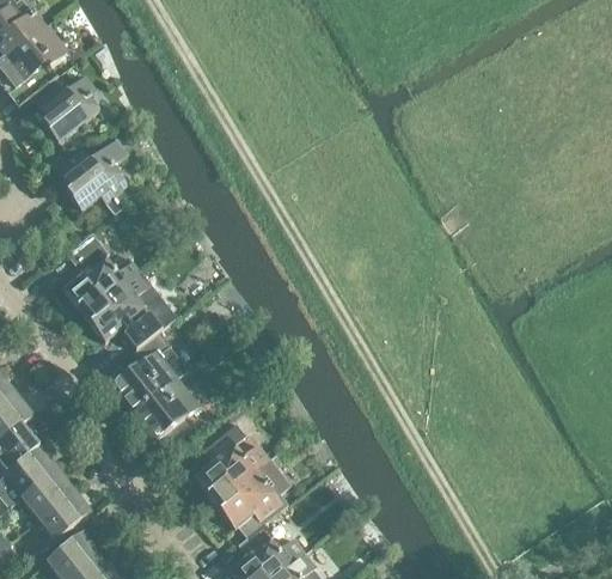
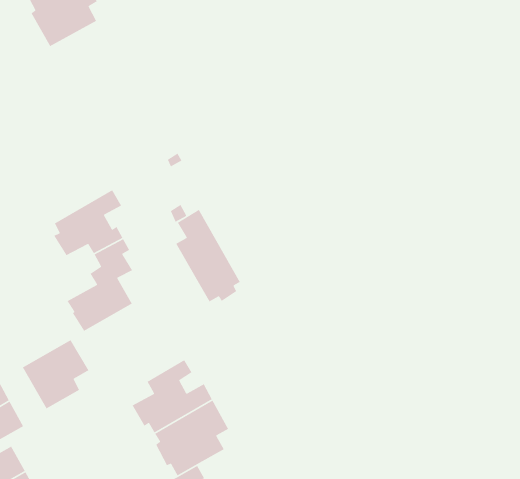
building: [55,139,133,214] -> none
building: [63,232,140,311] -> none
building: none -> [175,209,241,303]
building: [134,377,200,449] -> [22,339,89,409]

